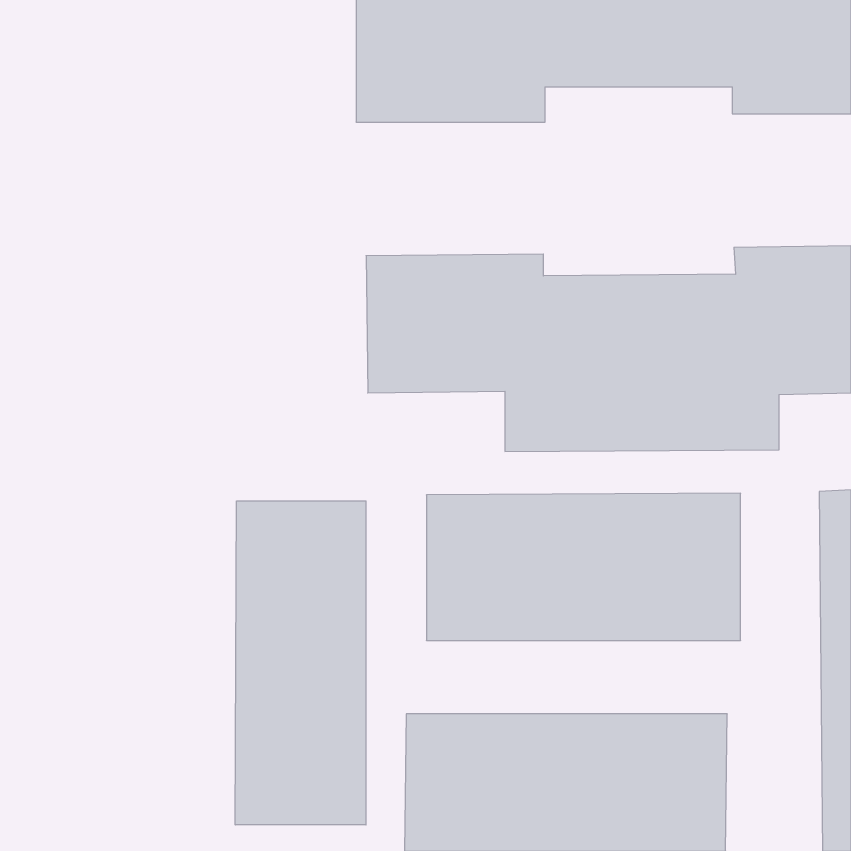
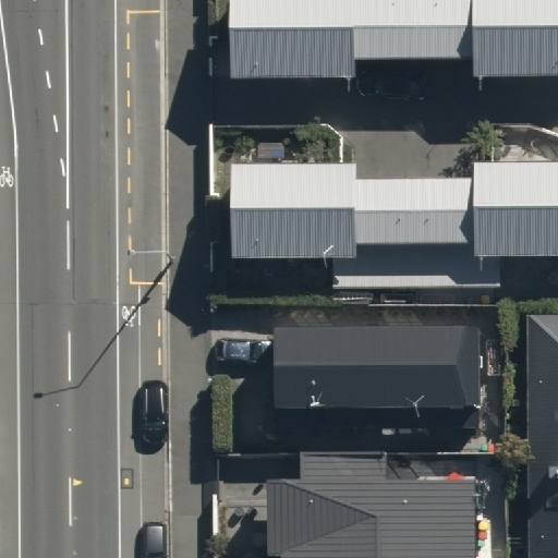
building: [235,501,366,825] -> none

